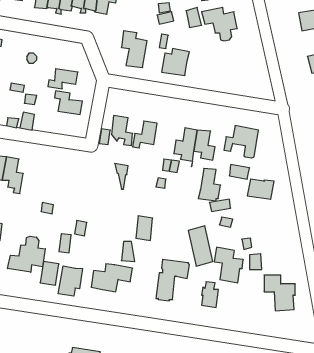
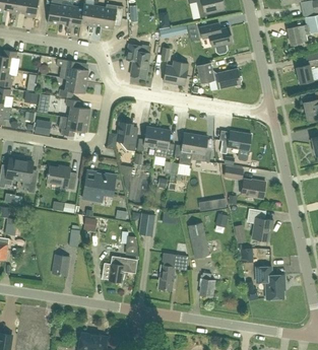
building: none -> [56,59,88,82]
building: none -> [197,63,241,88]
building: none -> [58,116,88,137]
building: none -> [47,166,76,189]
building: [198,168,221,201] -> [153,129,174,158]
building: none -> [82,173,115,202]
building: [8,236,45,272] -> none
building: [214,247,243,283] -> [247,209,273,241]
building: [58,266,83,296] -> none

